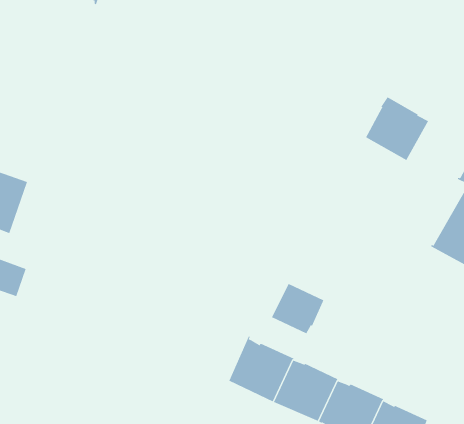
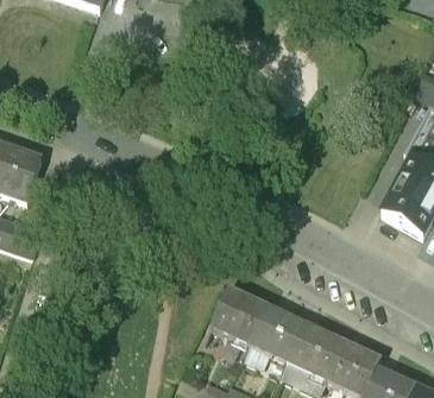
building: [365,97,429,161] -> none
building: [271,283,325,334] -> none

